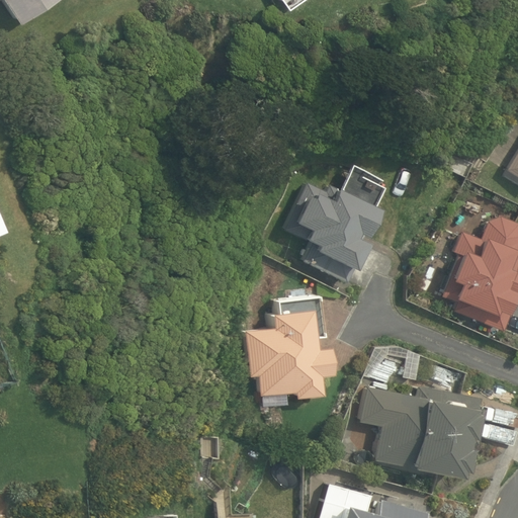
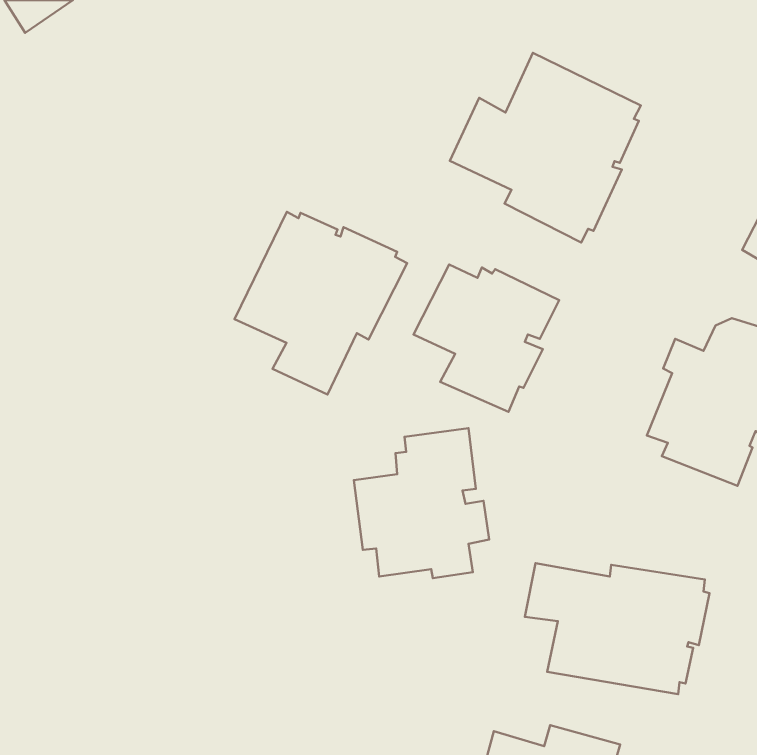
building: none -> [450,53,641,242]
building: none -> [234,212,407,395]

